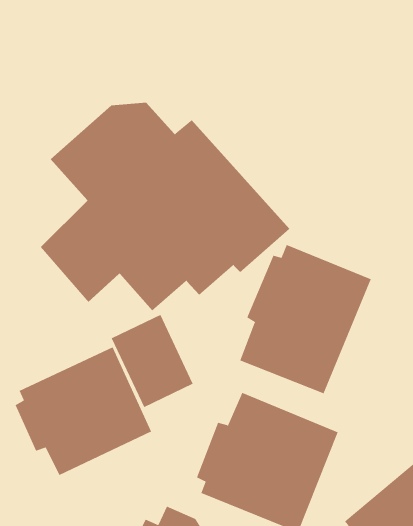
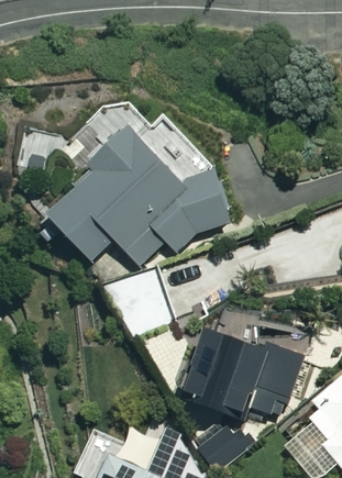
building: [240,244,372,394] -> none
building: [15,346,152,476] -> none

